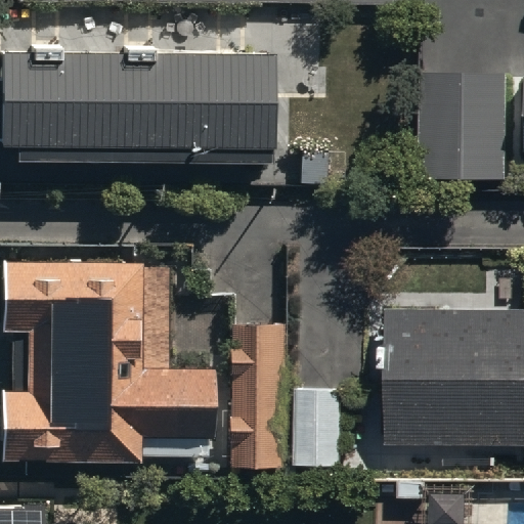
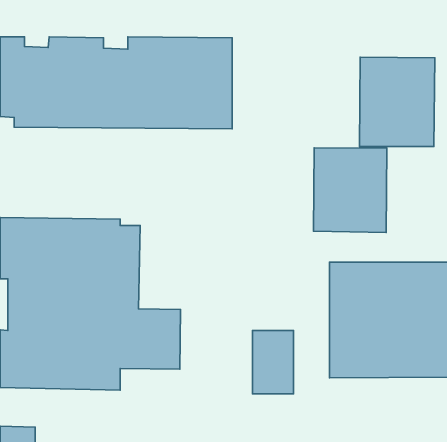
building: none -> [313,148,387,233]
building: [229,326,285,468] -> none

